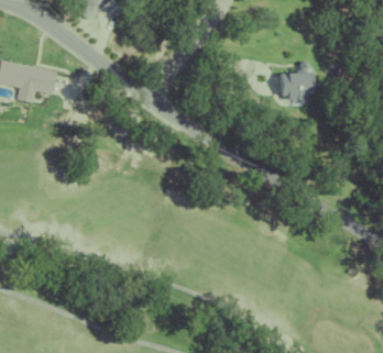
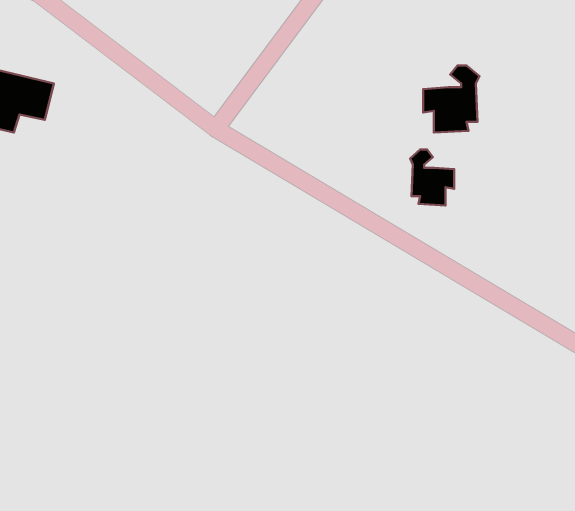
building: none -> [410,150,454,205]

